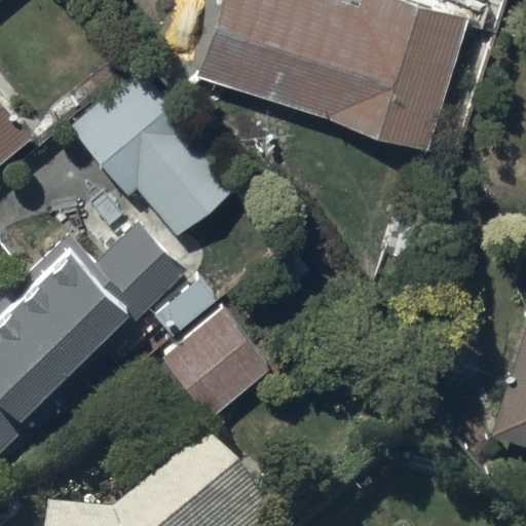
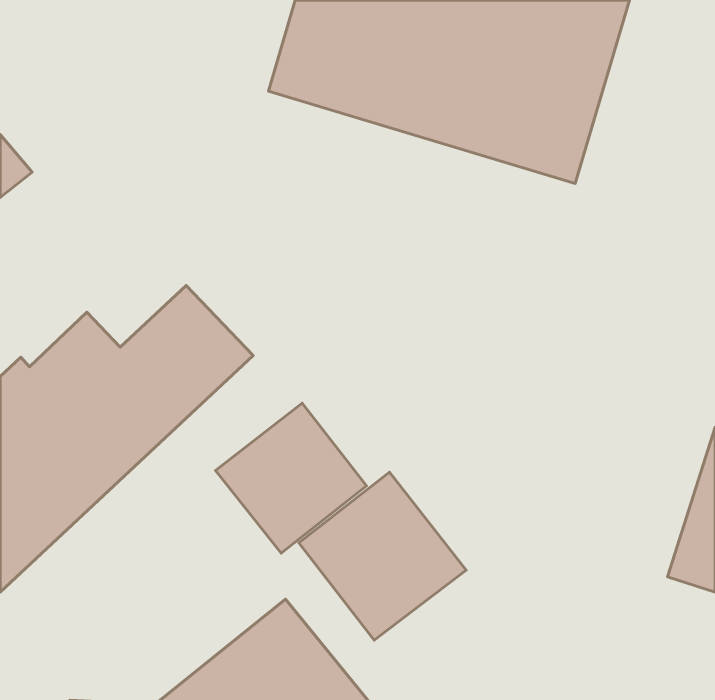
building: [66,68,234,234] -> none
building: none -> [299,472,466,640]

